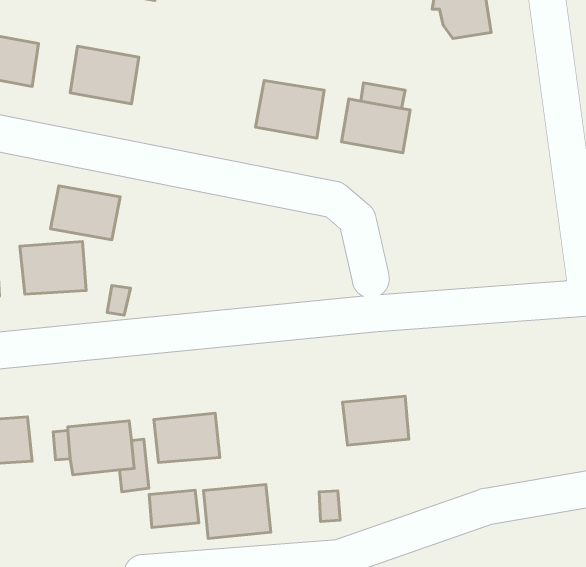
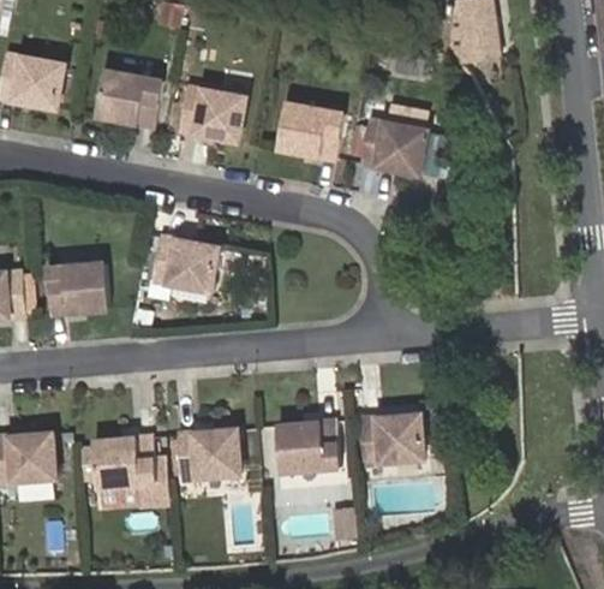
building: none -> [178,89,244,142]
building: [50,186,120,240] -> [149,237,217,290]
building: [203,484,271,538] -> [276,420,342,472]
building: [149,490,199,527] -> none

